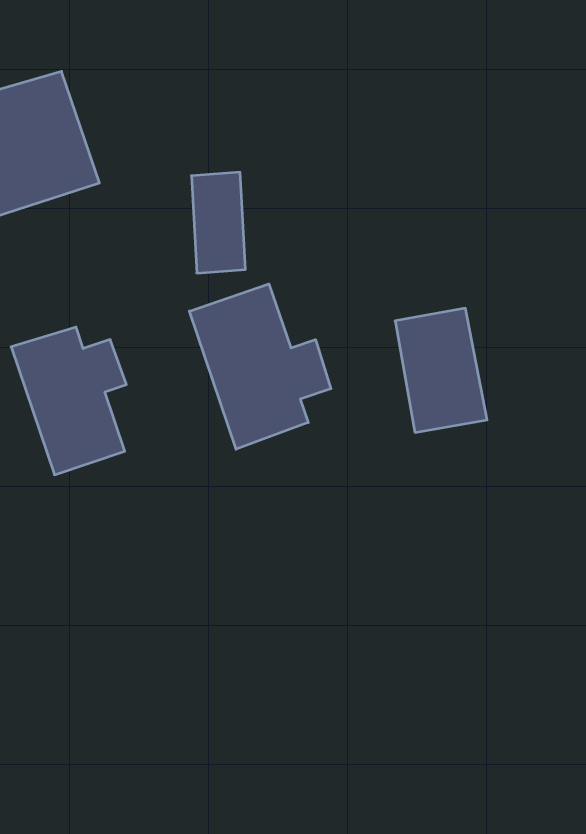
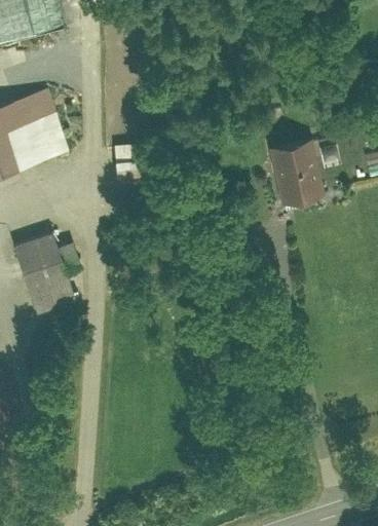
building: [189,284,331,449] -> none
building: [395,308,487,432] -> [267,140,319,211]

